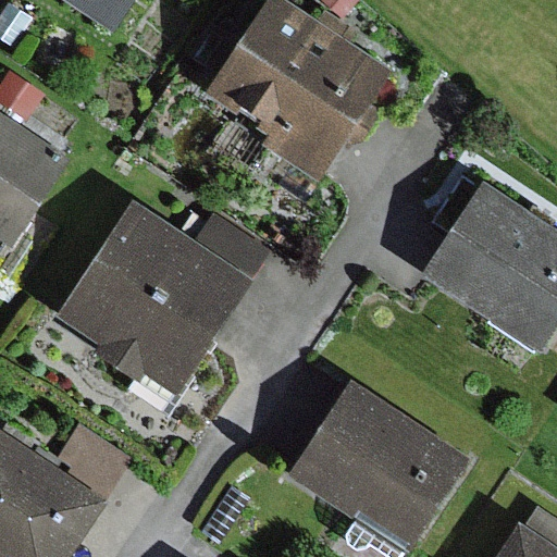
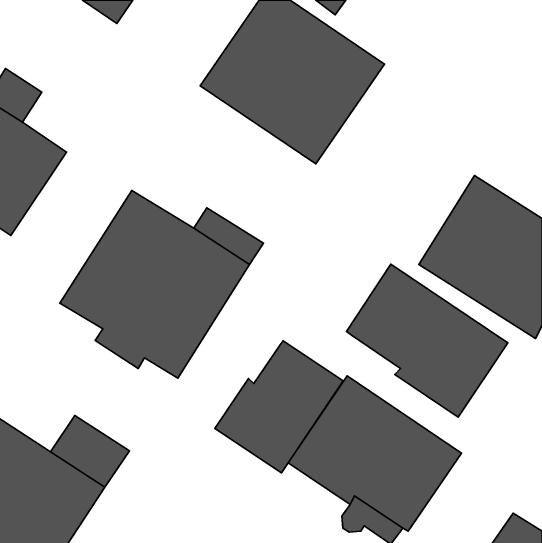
building: none -> [346,264,508,417]
building: none -> [215,341,343,473]

